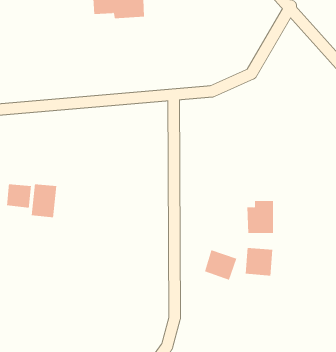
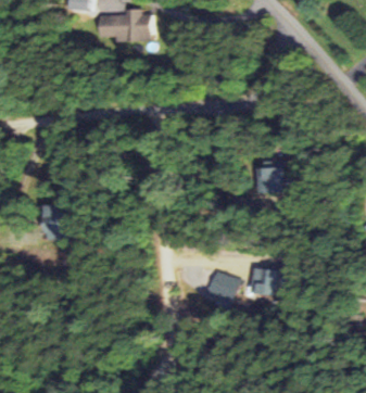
building: [6,183,32,209] -> none
building: [246,200,274,233] -> [256,161,283,193]

